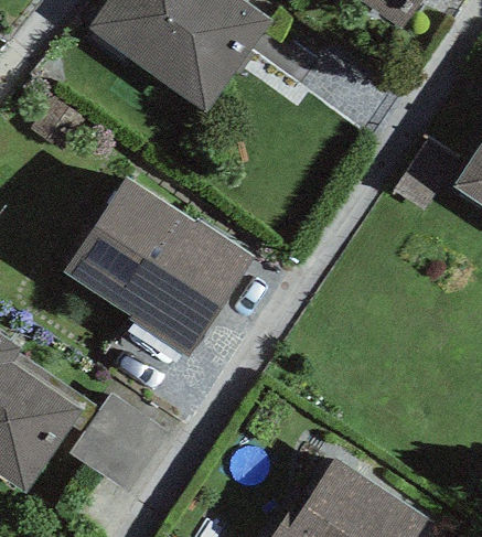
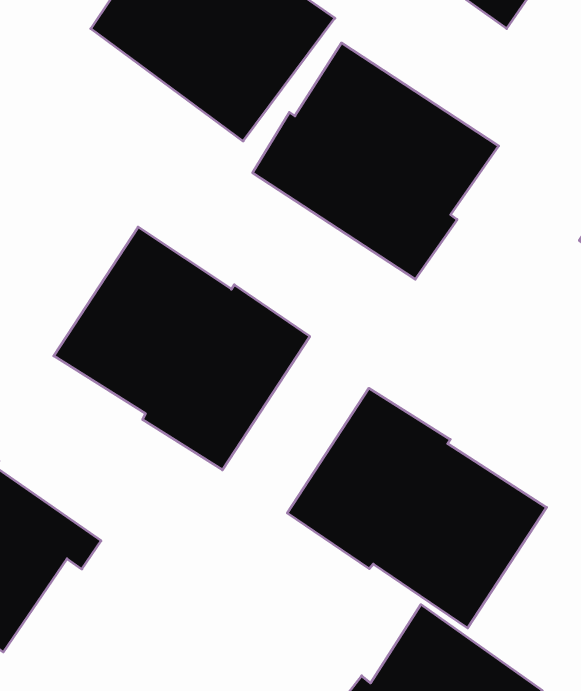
building: none -> [253,43,499,279]
building: none -> [287,388,547,628]

